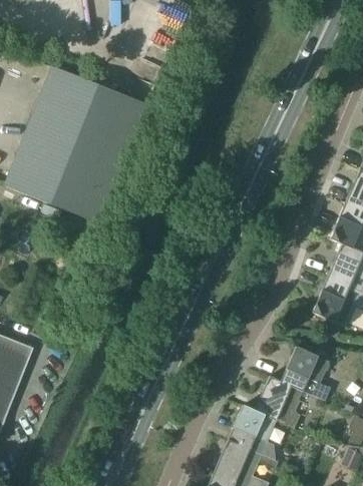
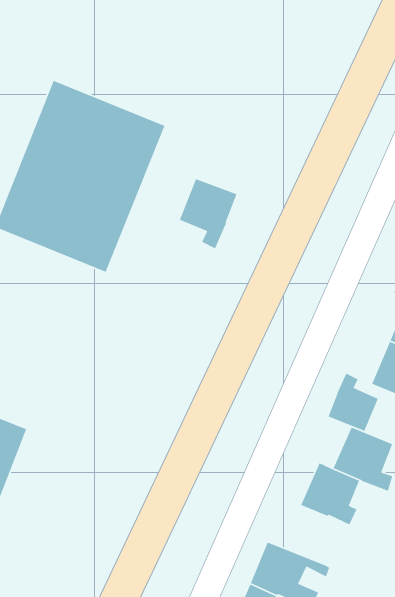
building: none -> [179,178,237,250]
building: none -> [327,372,379,432]
building: [228,405,277,459] -> none

